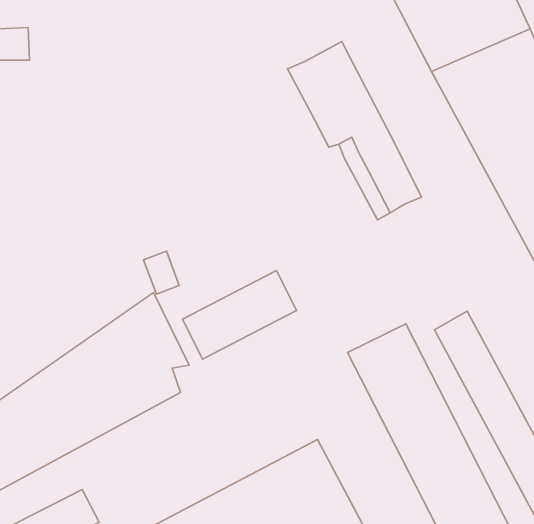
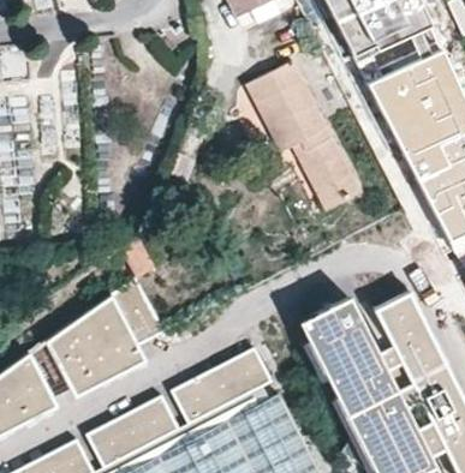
building: [182,271,297,359] -> [168,345,264,419]
building: none -> [89,395,169,456]

